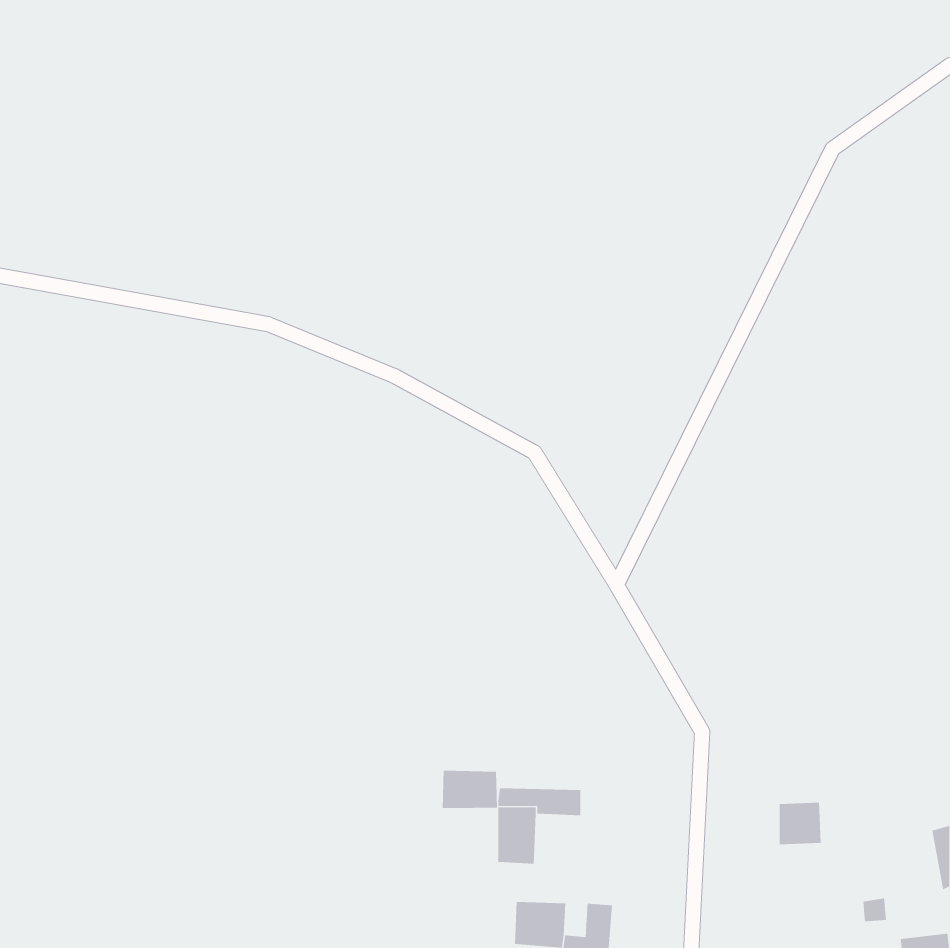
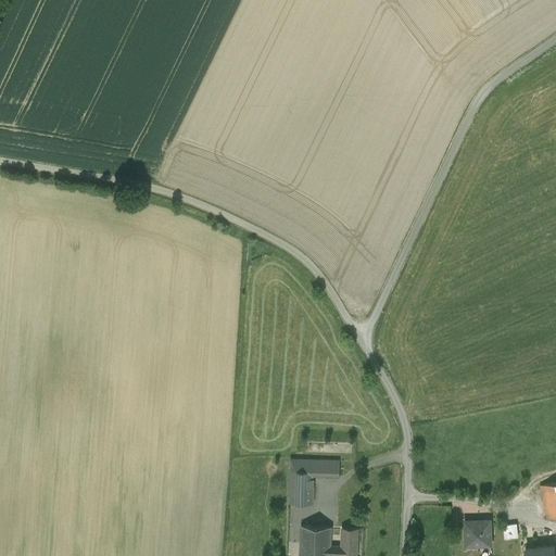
building: [442,770,497,809] -> none
building: [779,802,822,845] -> [465,522,490,547]

